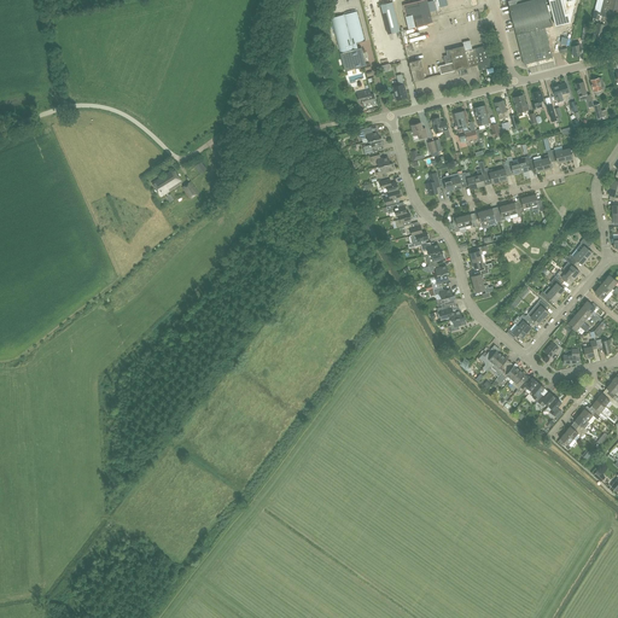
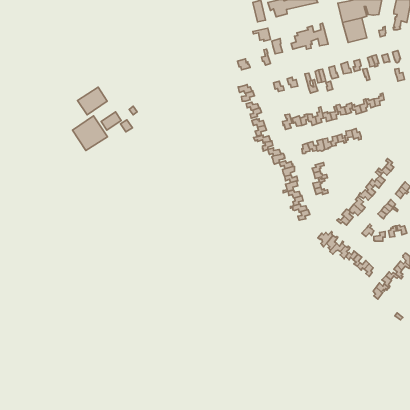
building: [331,10,366,70] -> none
building: none -> [78,87,107,115]
building: none -> [72,116,107,151]

